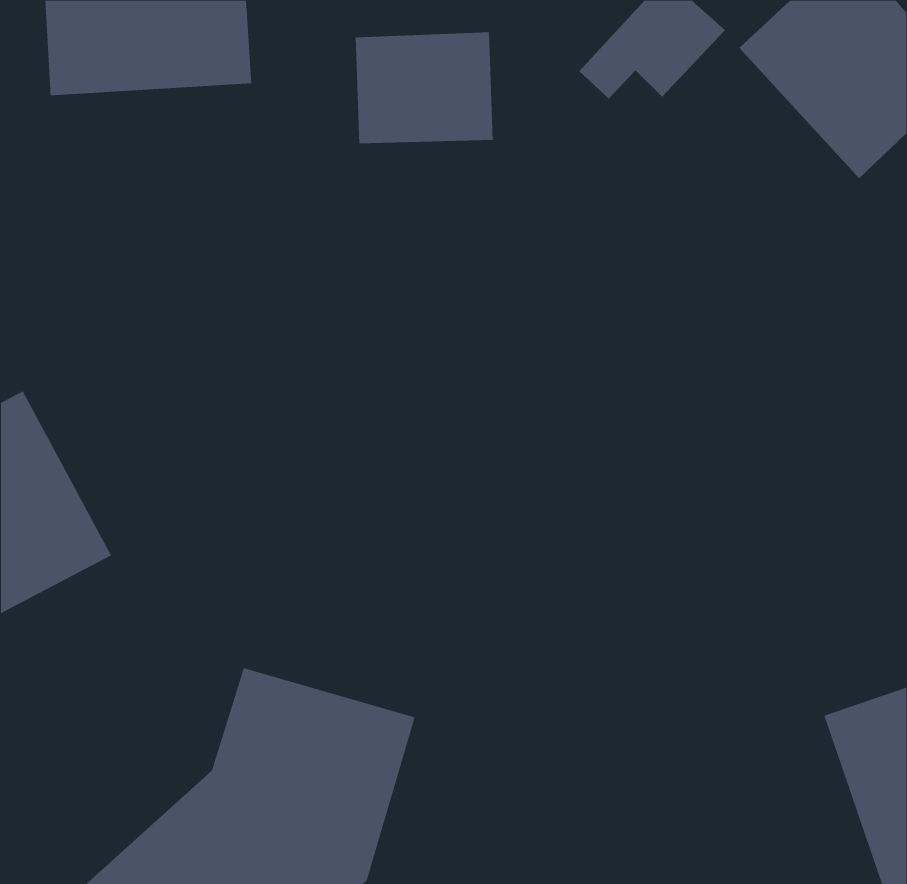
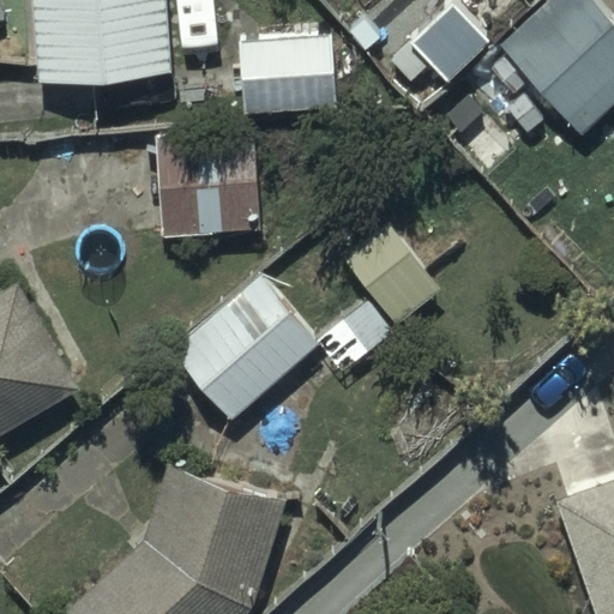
building: none -> [154,126,259,236]
building: none -> [170,227,441,422]

